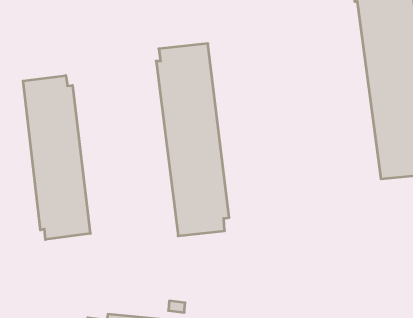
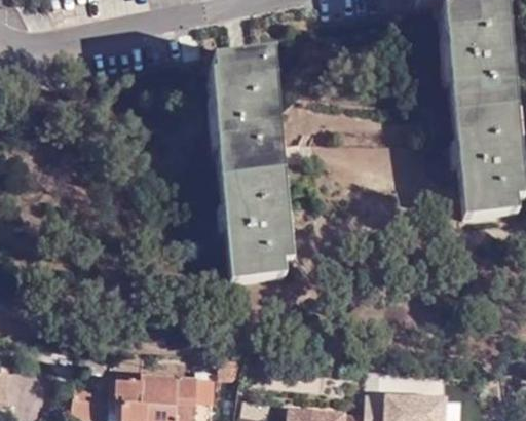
building: [23,75,90,240] -> none

